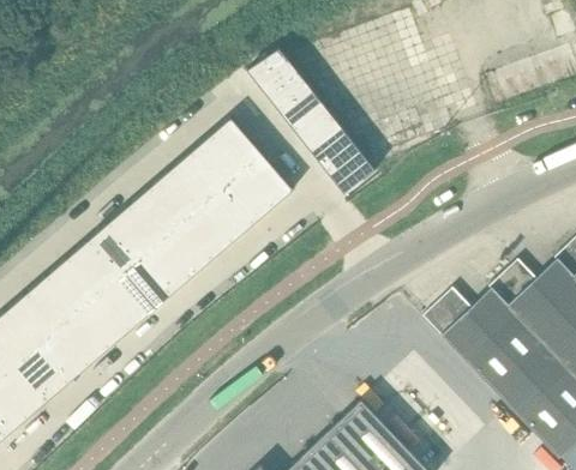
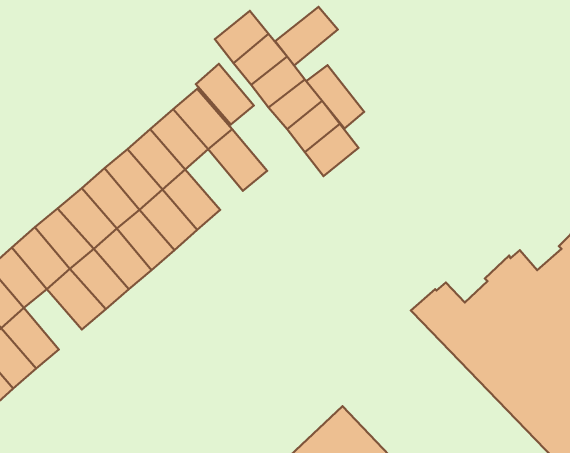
building: none -> [275,7,338,65]
building: none -> [306,65,364,128]
building: [221,171,272,225] -> [196,64,254,124]
building: [77,296,128,350] -> none

